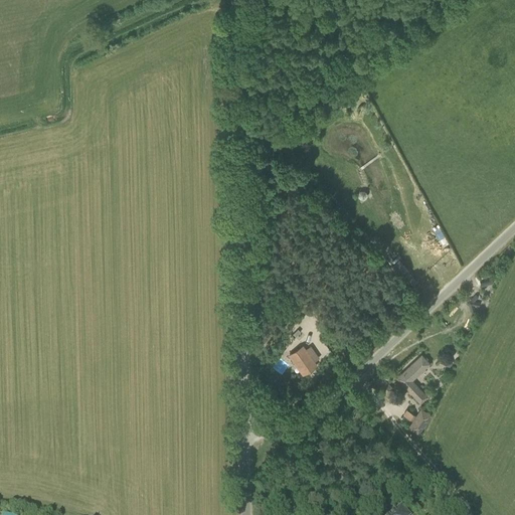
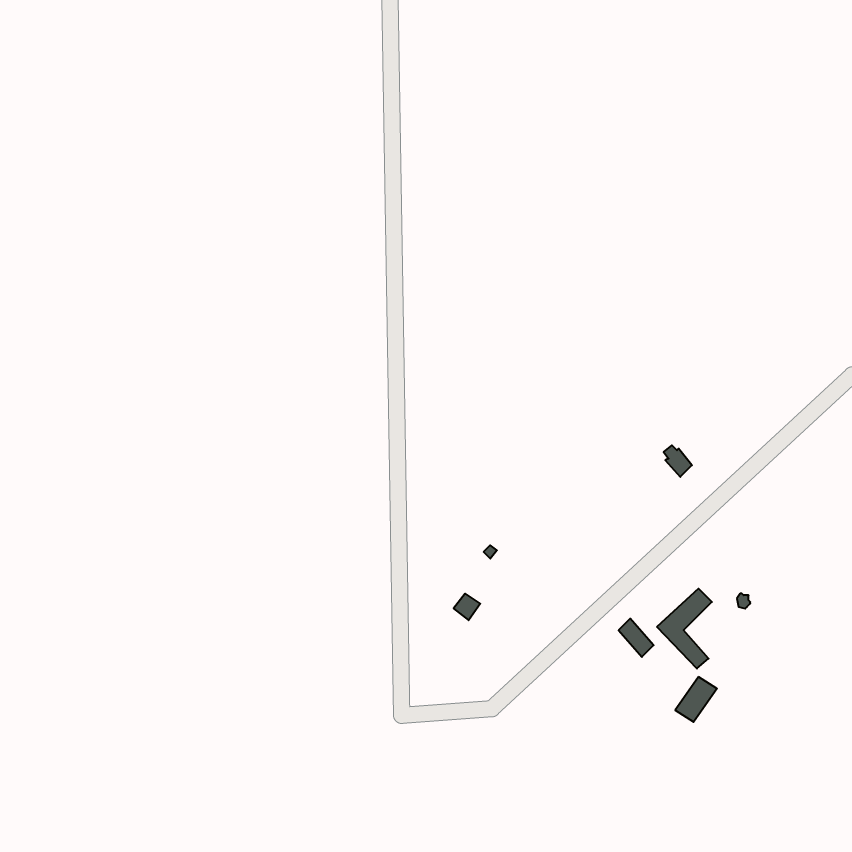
building: [289,345,318,376] -> none

